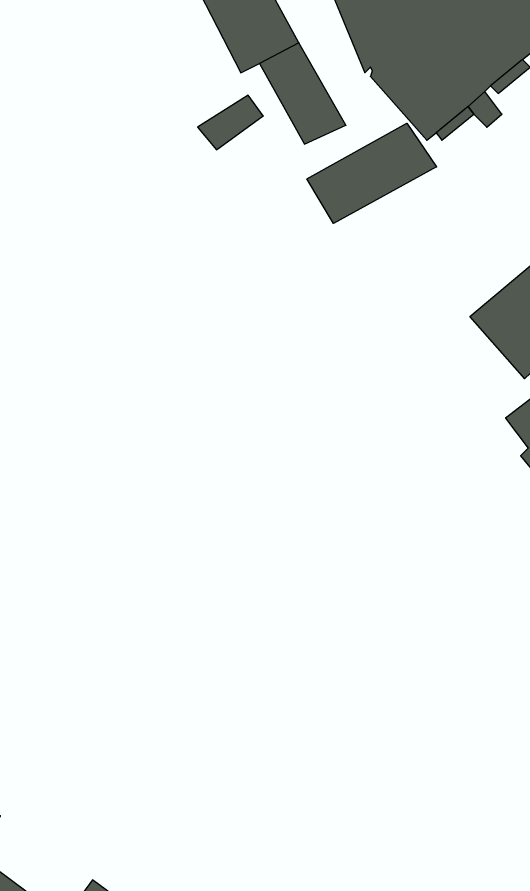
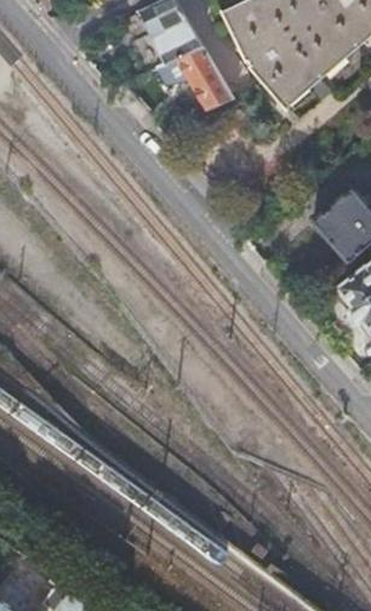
building: [307,123,437,223] -> none

